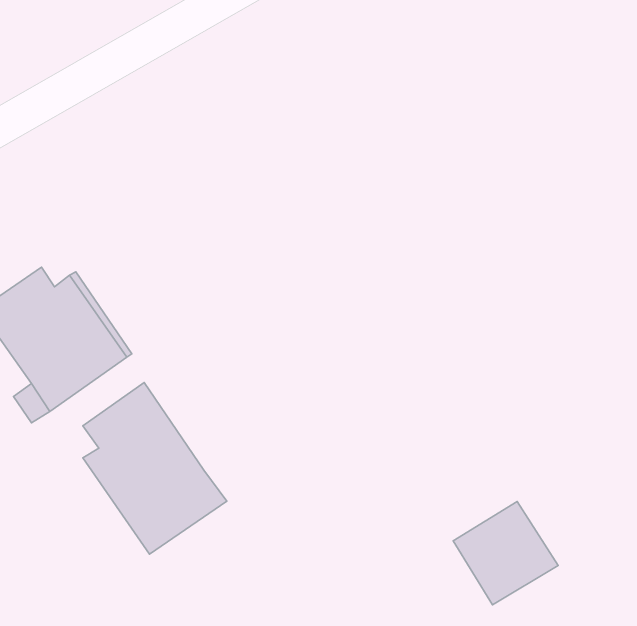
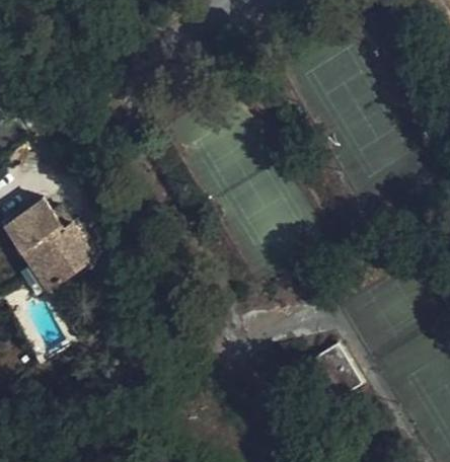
building: [83,382,227,554] -> none

